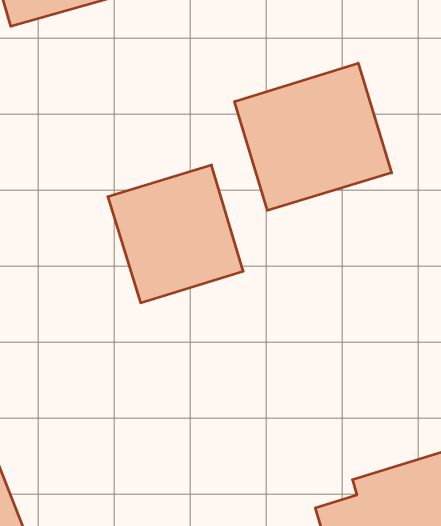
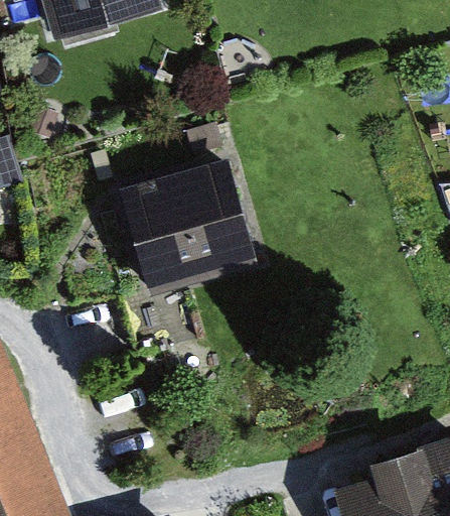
building: [235,63,392,210] -> none

